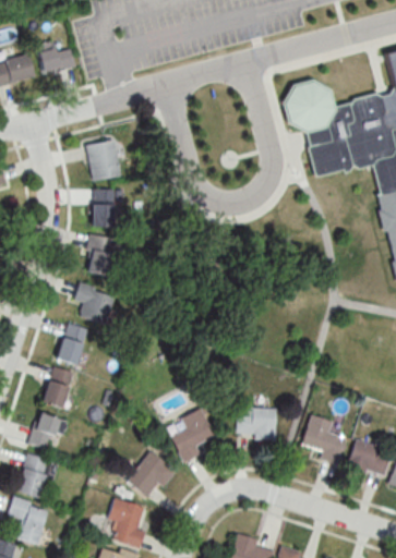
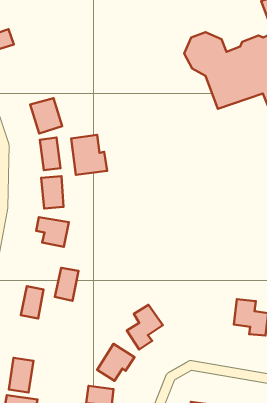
building: none -> [71,135,107,175]
building: [57,323,89,365] -> [55,268,78,301]
building: [236,405,276,437] -> none
building: [31,412,65,448] -> none

